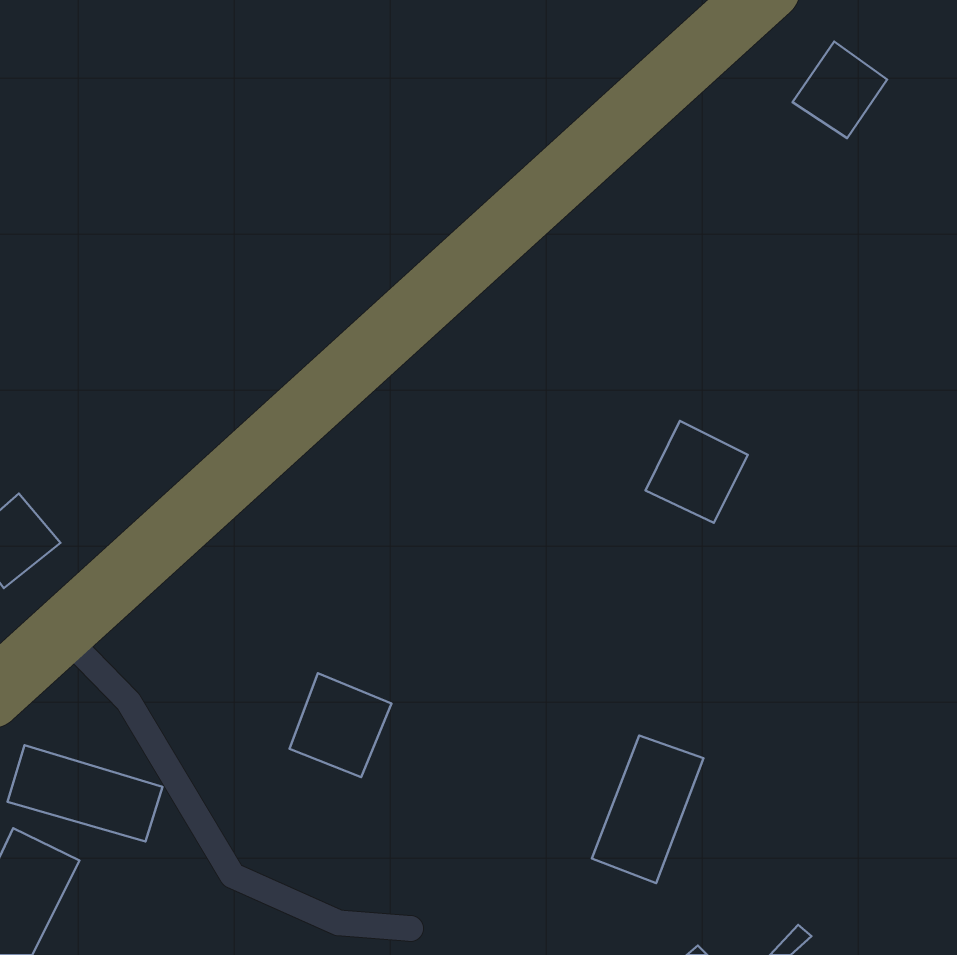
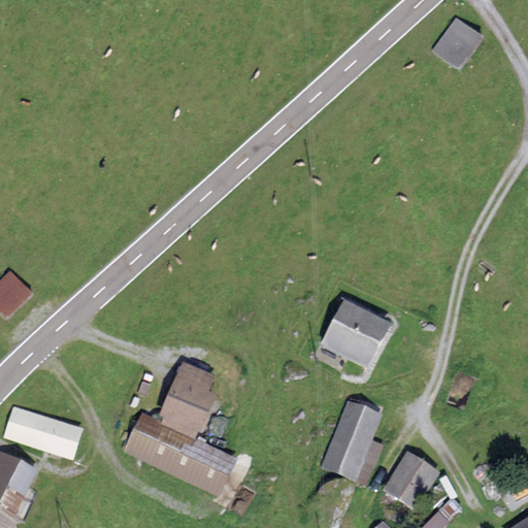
building: [646,421,748,523] -> [323,300,378,356]
building: none -> [126,416,244,499]
building: none -> [383,451,430,502]

